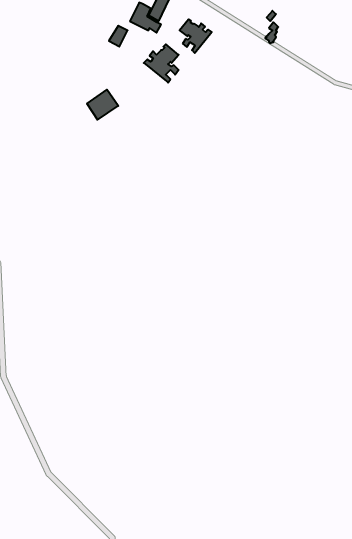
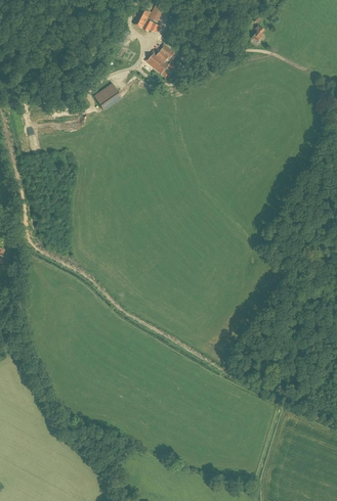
building: [180,19,212,53] -> none

